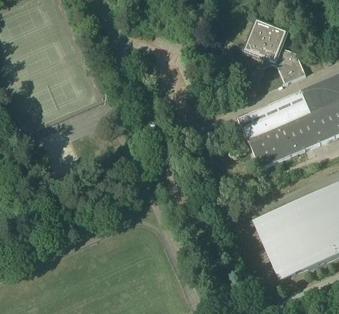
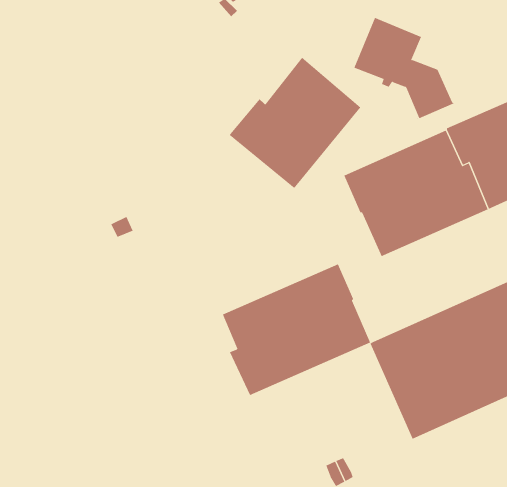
building: none -> [229,57,361,189]
building: none -> [222,264,371,396]

